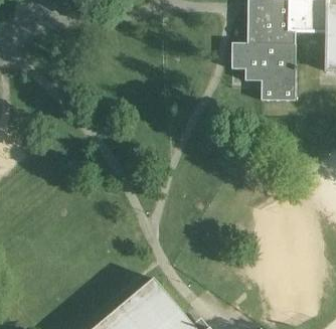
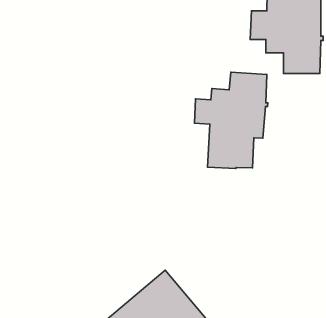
building: none -> [195,72,268,168]

